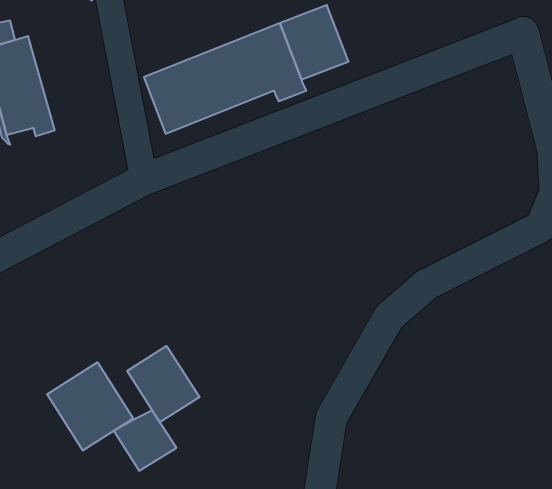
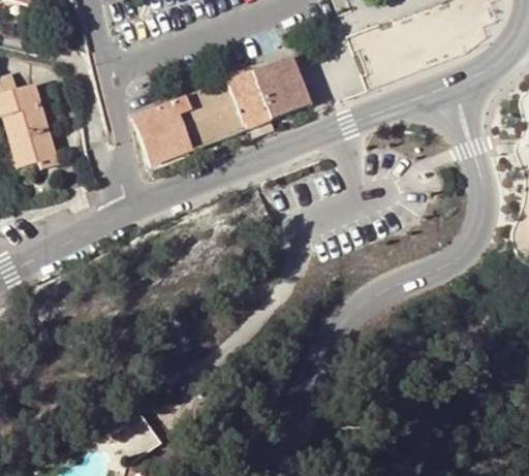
building: [127,346,199,422] -> none
building: [47,362,133,451] -> none

